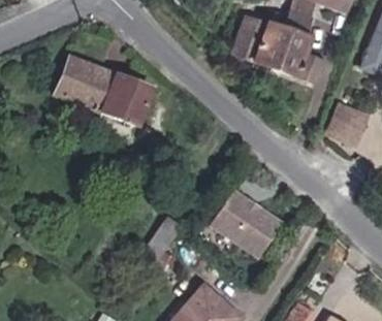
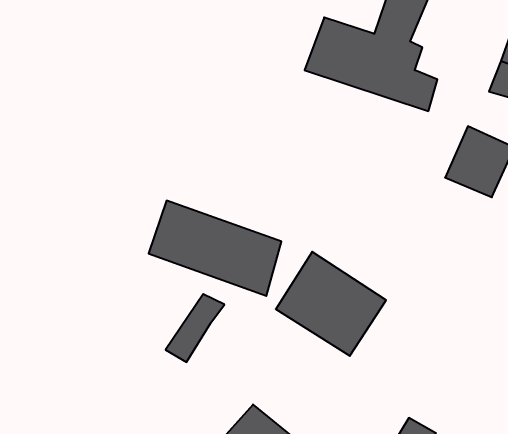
building: [69,60,160,125] -> [149,201,281,296]

